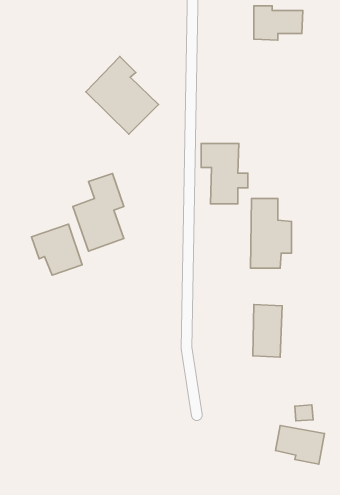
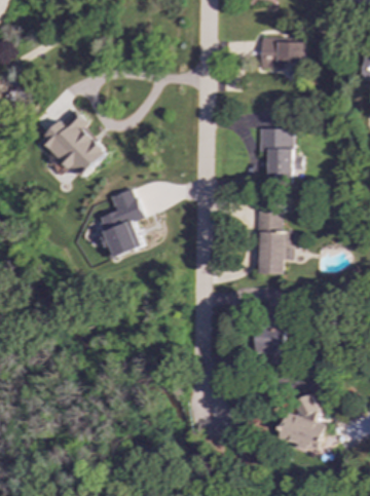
building: [86,57,159,134] -> [41,108,107,178]
building: [201,143,248,204] -> [258,128,300,183]
building: [31,224,82,275] -> none

